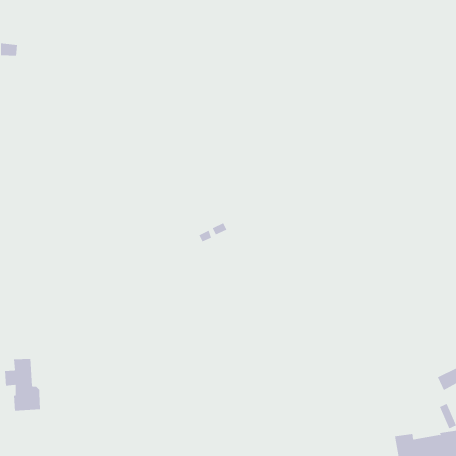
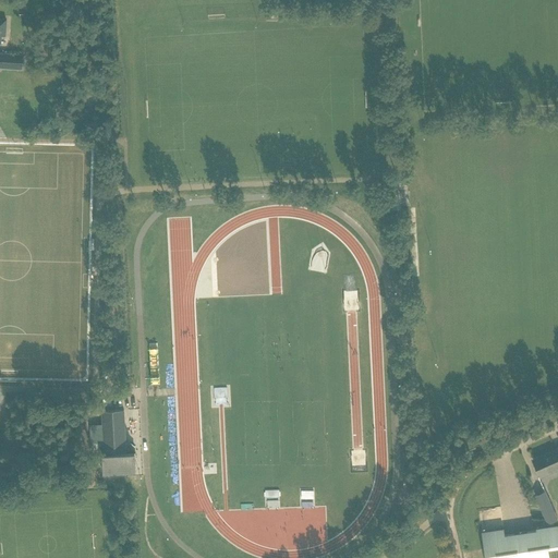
building: [4,358,41,411] -> [92,411,136,475]

